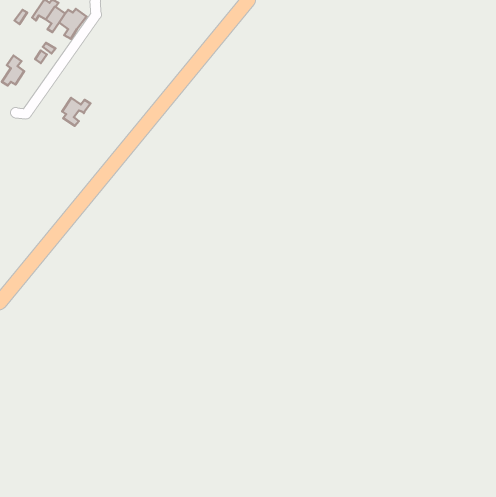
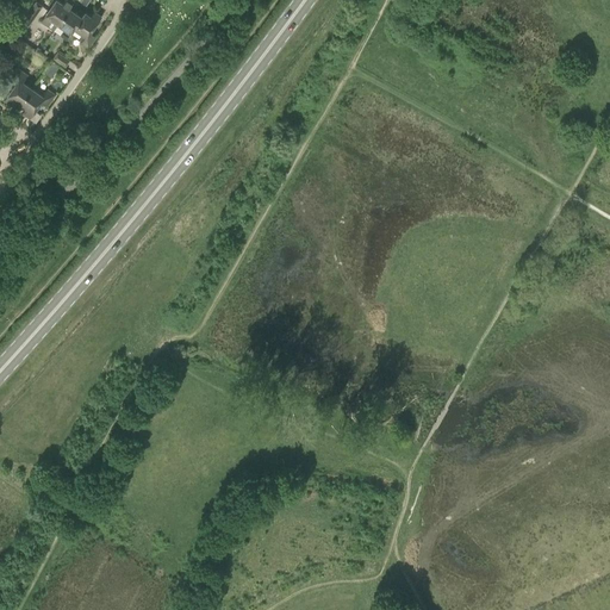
building: [62,98,90,126] -> [19,87,54,122]

